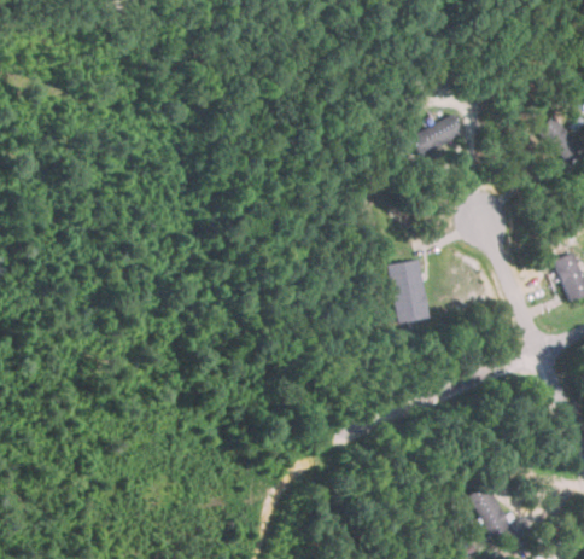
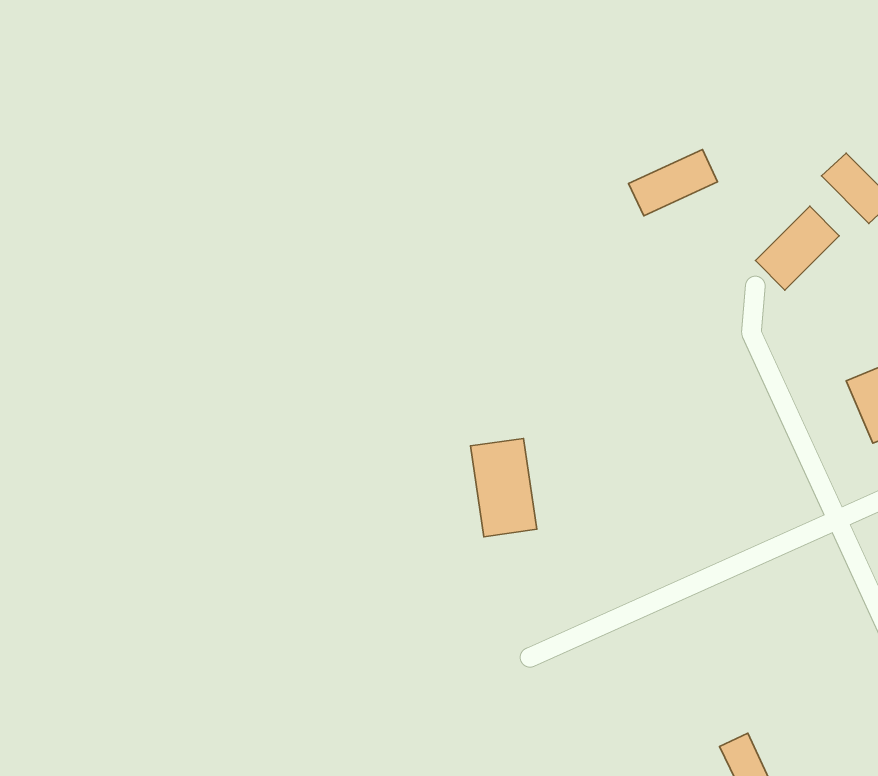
building: none -> [756,206,839,290]
building: [390,260,432,322] -> [471,438,537,537]

